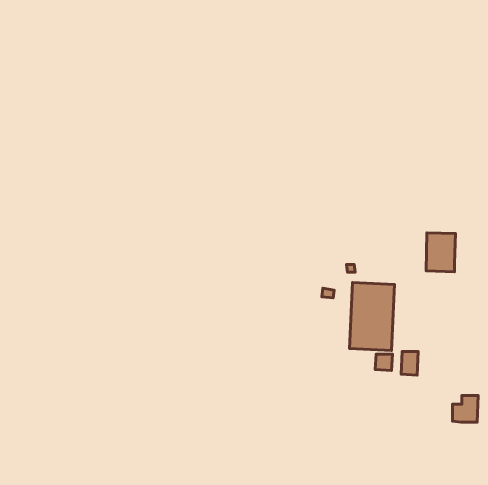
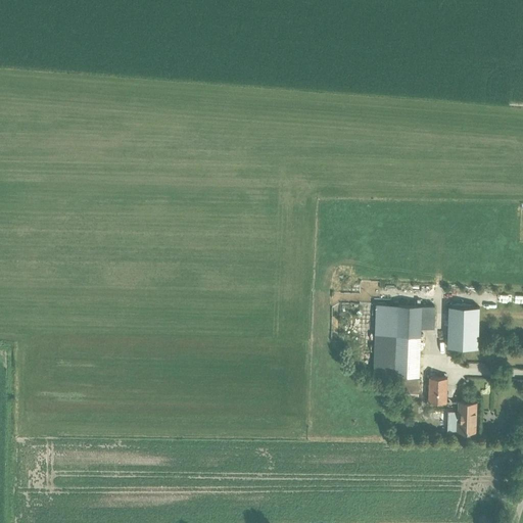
building: [426,233,456,272] -> [447,308,479,350]
building: [452,395,478,422] -> [448,405,476,433]

